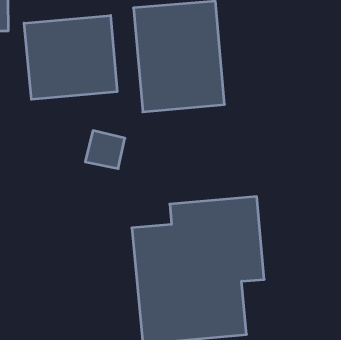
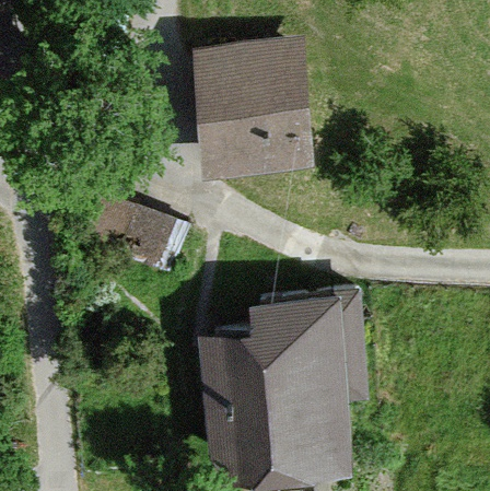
building: [24,15,117,99] -> none

